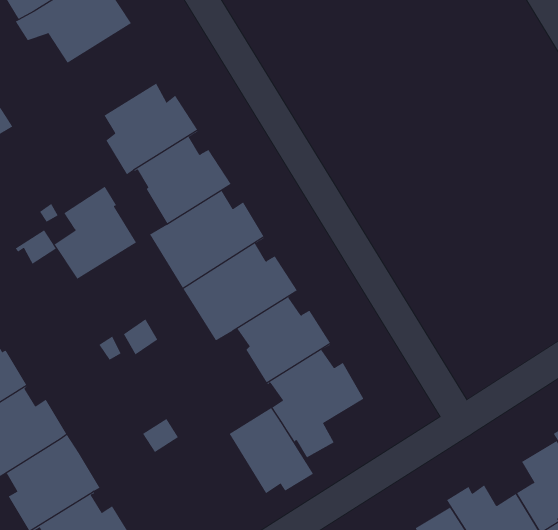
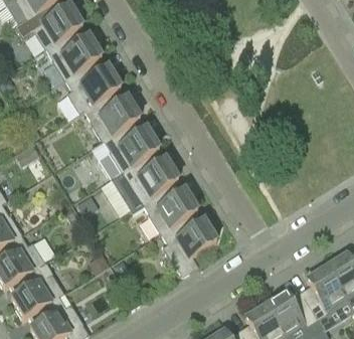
building: none -> [45,25,102,79]
building: [54,186,137,284] -> none
building: [229,407,314,502] -> none

